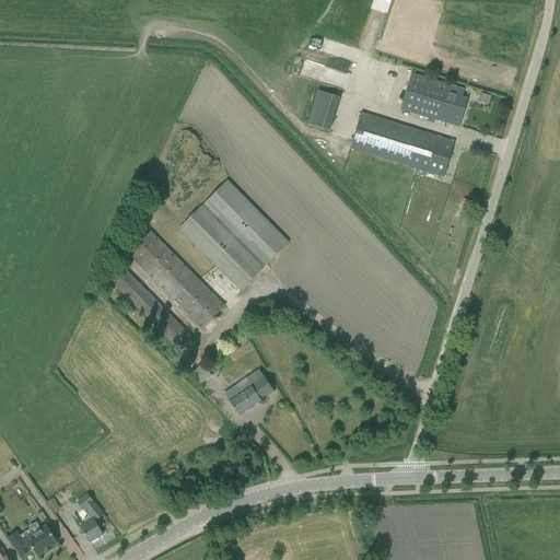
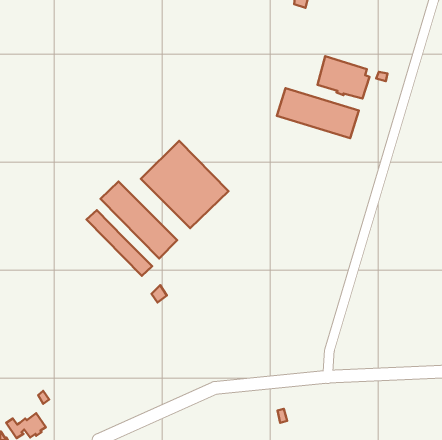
building: [305,88,337,128] -> none
building: [224,369,271,415] -> none
building: [77,492,104,540] -> none

